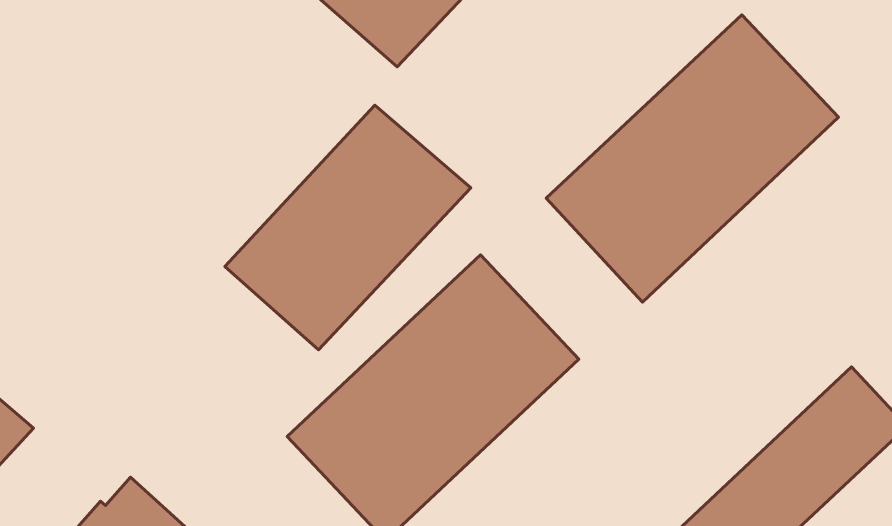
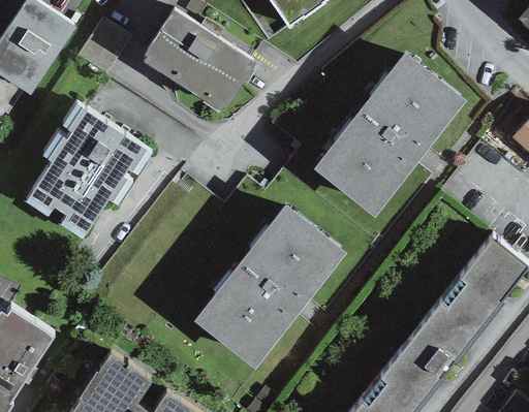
building: none -> [27,102,151,234]
building: [225,105,471,350] -> none

